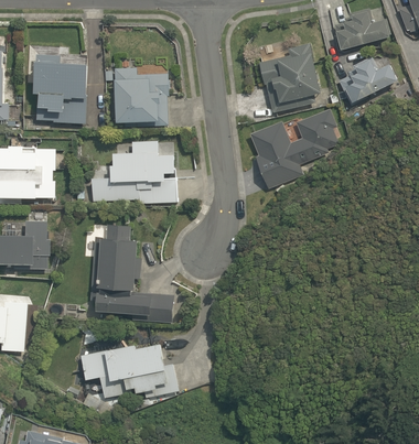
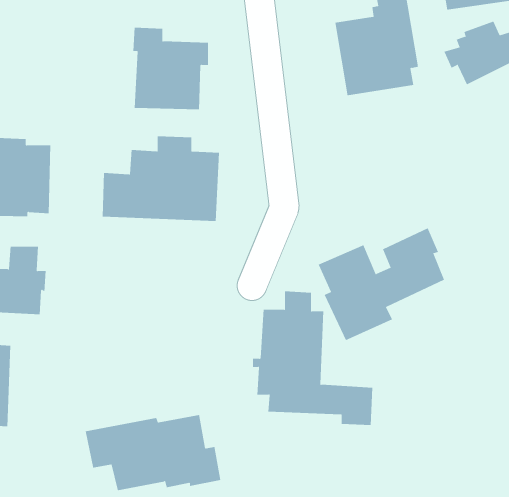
building: [35,54,89,123] -> none
building: [248,108,340,189] -> [318,228,445,341]
building: [86,225,173,322] -> [252,291,373,426]

